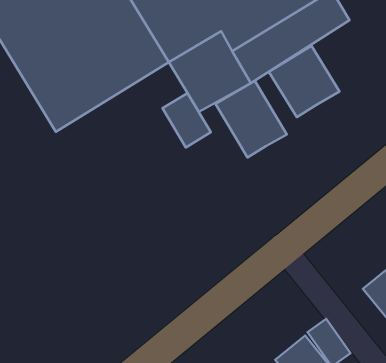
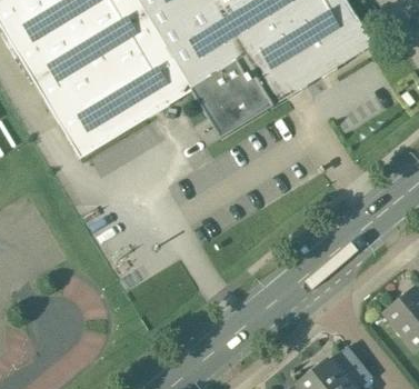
building: [269,46,339,117] -> none
building: [216,81,287,158] -> none
building: [162,93,211,147] -> none

